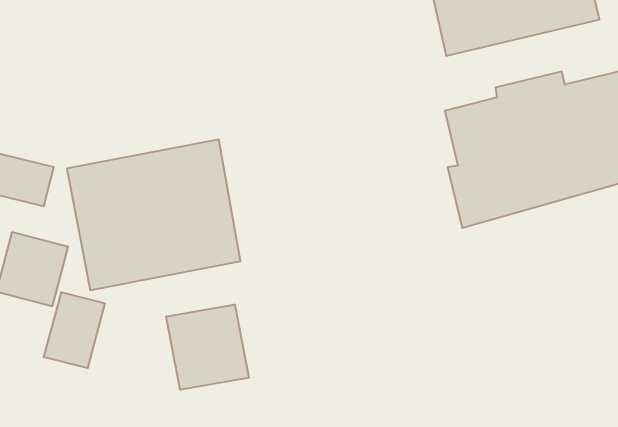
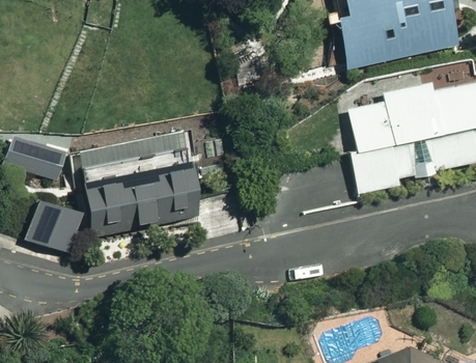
building: [44,292,105,368] -> none
building: [166,304,249,390] -> none

